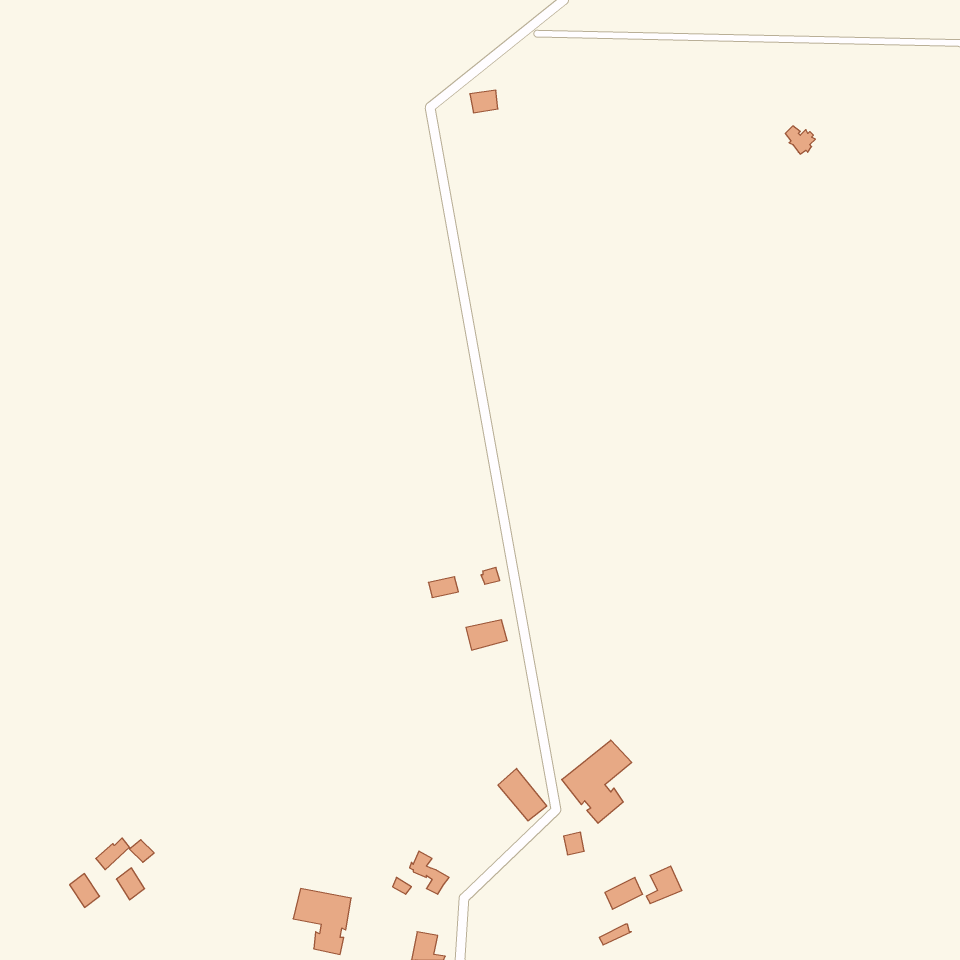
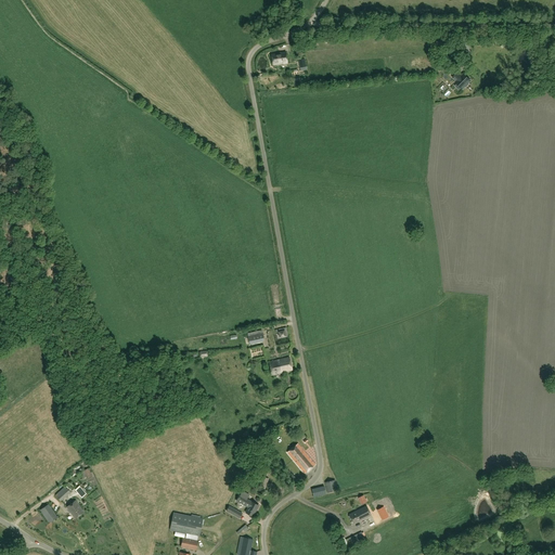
building: [562,740,632,823] -> none

